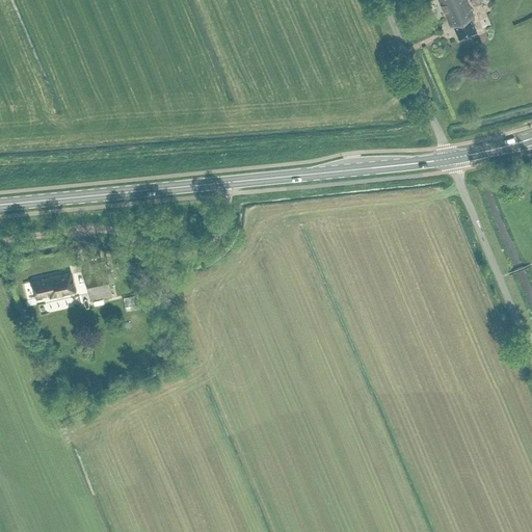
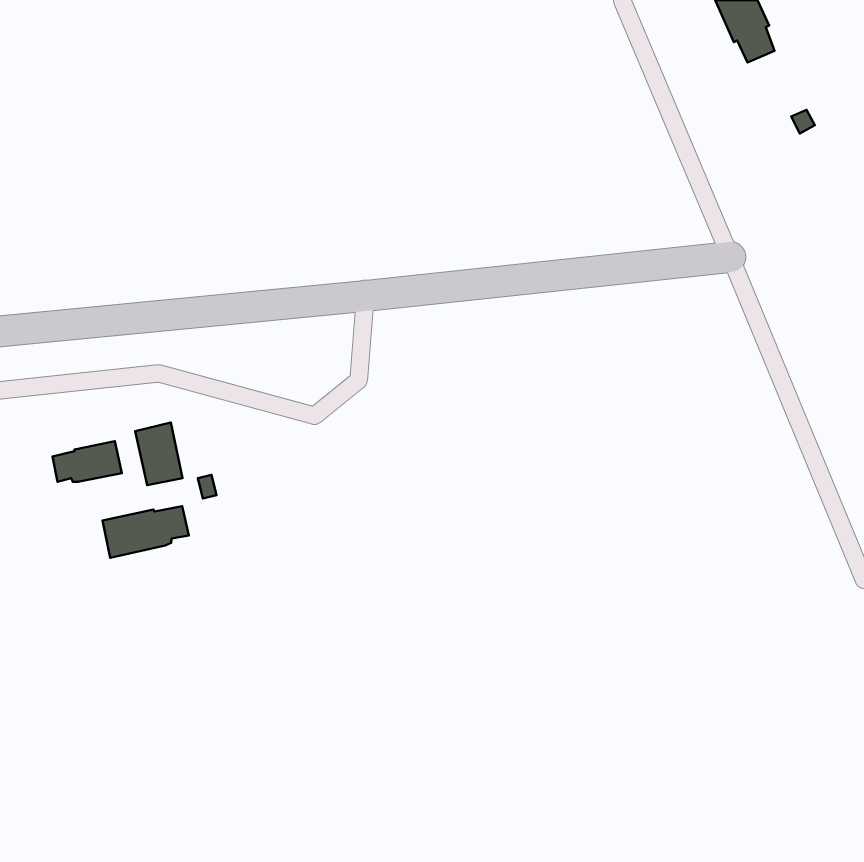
building: none -> [102,506,189,558]

